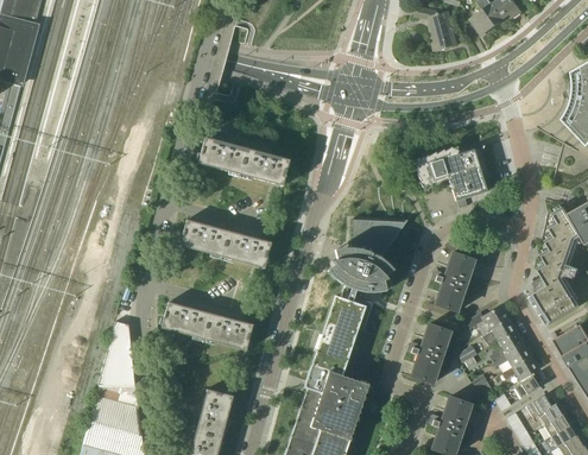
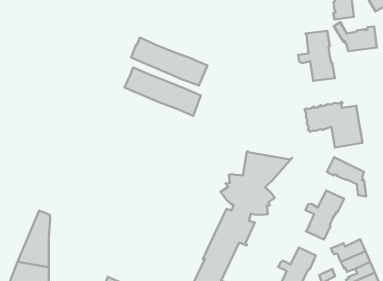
building: none -> [334,22,377,51]
building: none -> [298,31,335,81]
building: none -> [327,157,366,196]
building: [181,220,272,267] -> [131,38,207,86]
building: [162,302,253,349] -> none

